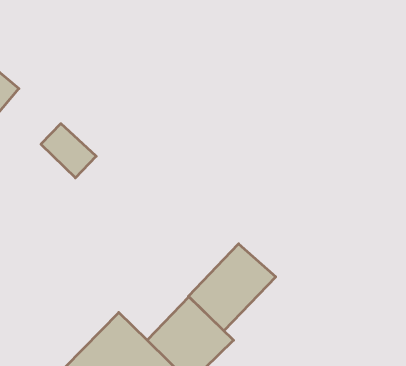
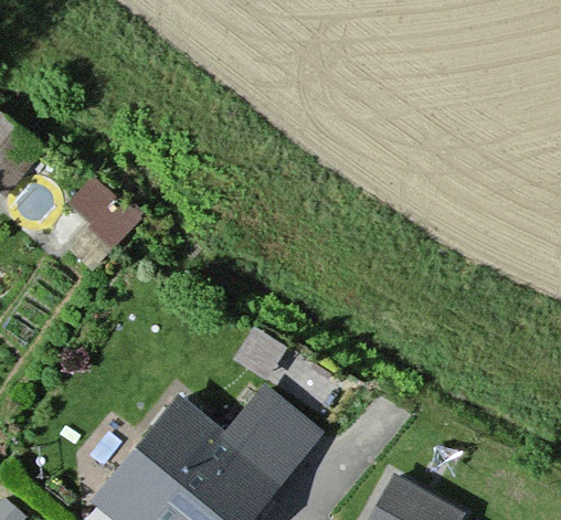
building: [188,244,276,331] -> none

